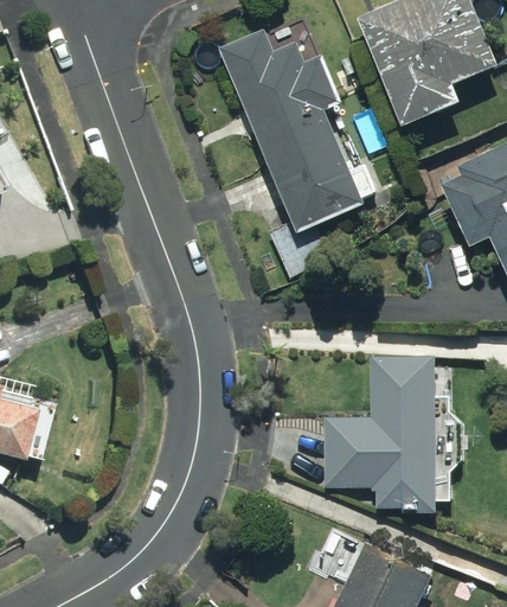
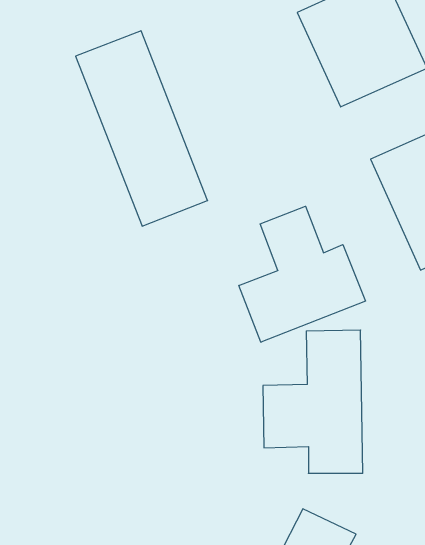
building: [223,24,364,232] -> [76,31,208,226]
building: none -> [239,206,366,342]

